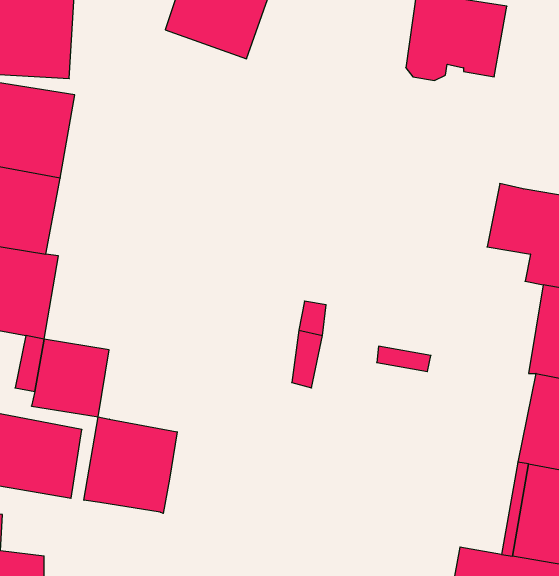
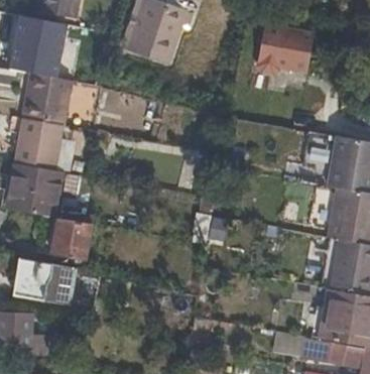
building: [84,417,177,513] -> none

